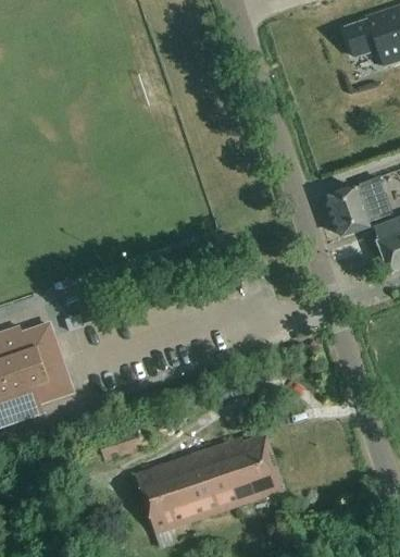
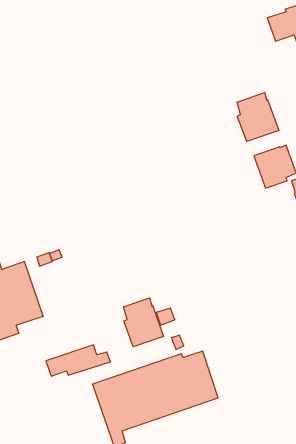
building: none -> [237,92,279,142]
building: none -> [124,298,163,347]

